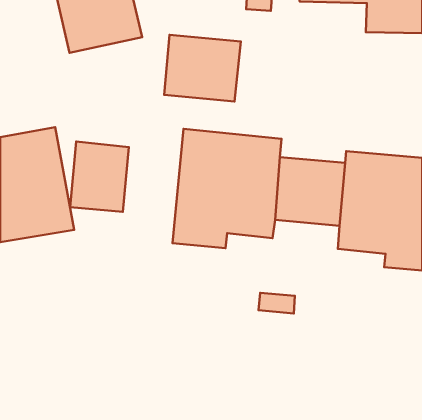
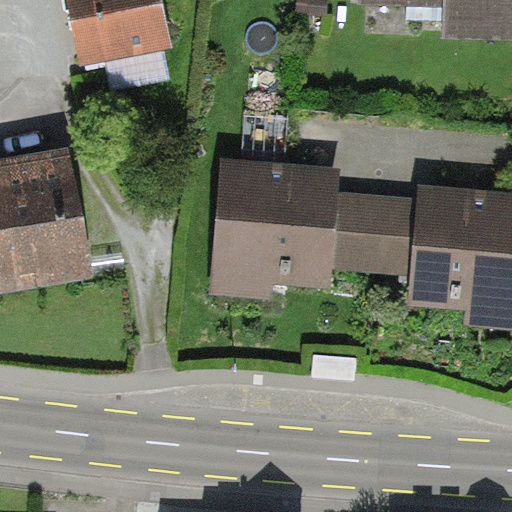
building: [164,35,241,101] -> none
building: [70,142,129,212] -> none

